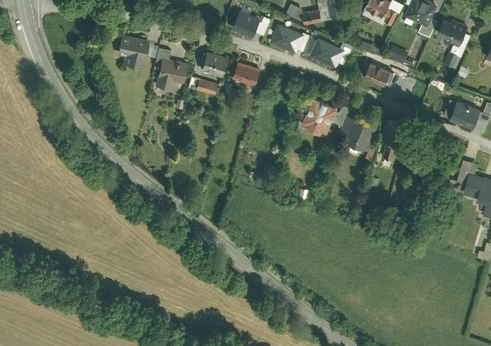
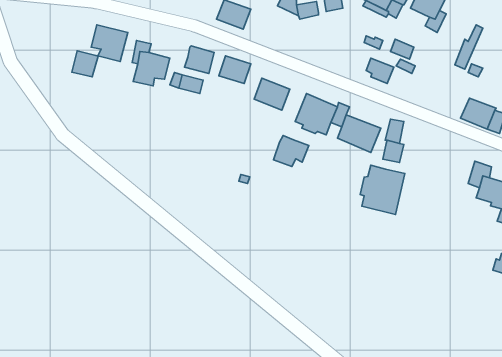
building: [436,20,465,48] -> none
building: [271,24,303,53] -> [254,78,290,110]
building: [310,37,344,67] -> none
building: none -> [72,51,98,77]
building: none -> [273,135,309,167]
building: none -> [360,165,405,215]

